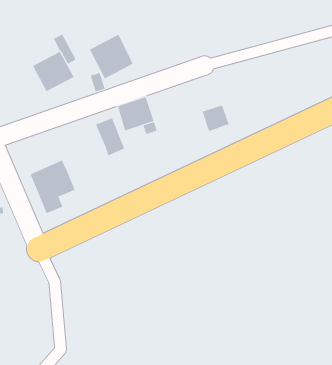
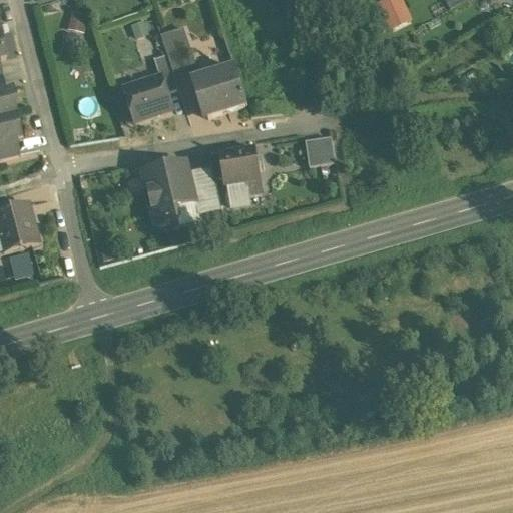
building: none -> [159,25,195,71]
building: [202,105,230,132] -> [304,135,335,165]
building: [30,160,75,214] -> [142,159,194,221]

